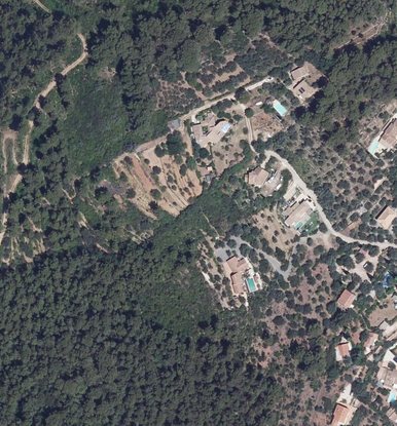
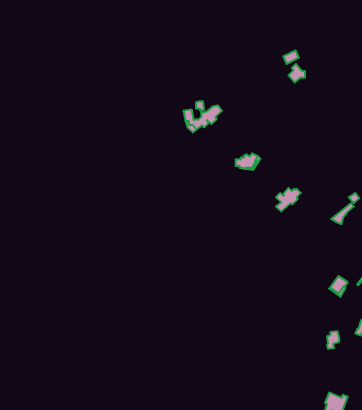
building: [226,257,250,296] -> none

